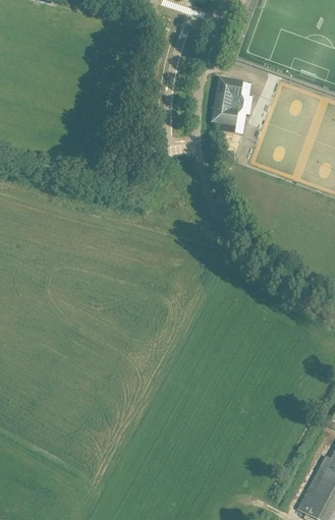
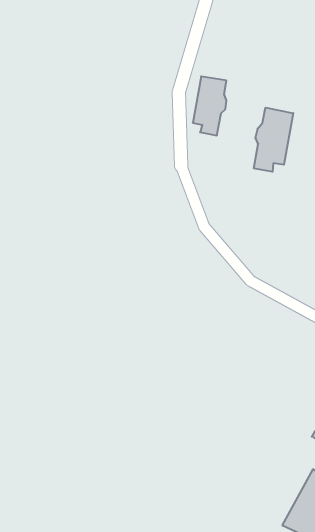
building: none -> [254,108,293,172]

